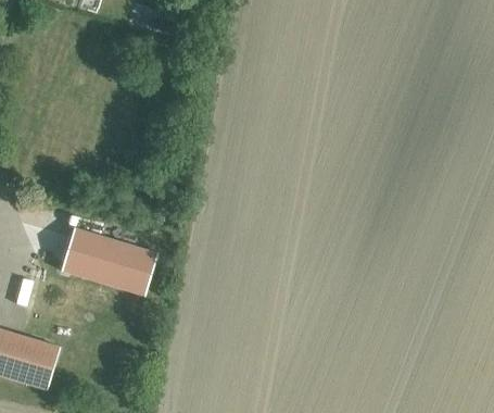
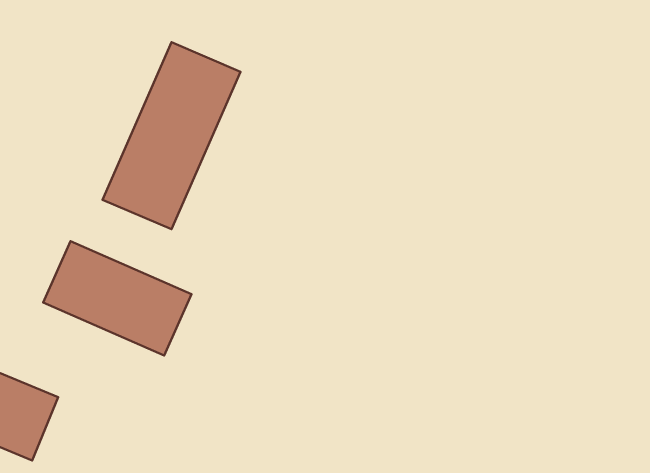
building: none -> [103,42,240,229]

